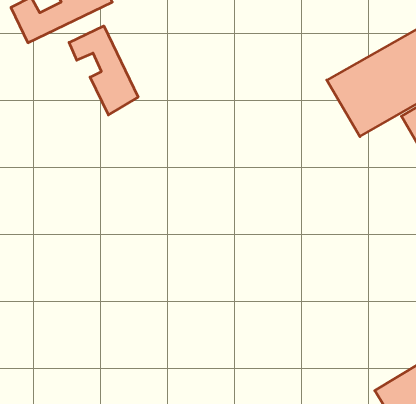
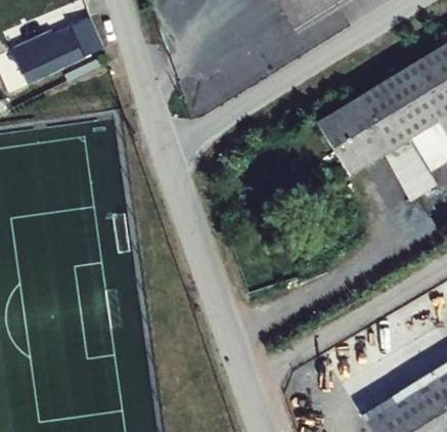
building: [69,26,138,115] -> none

